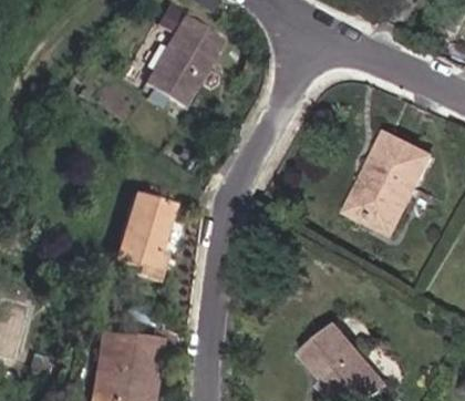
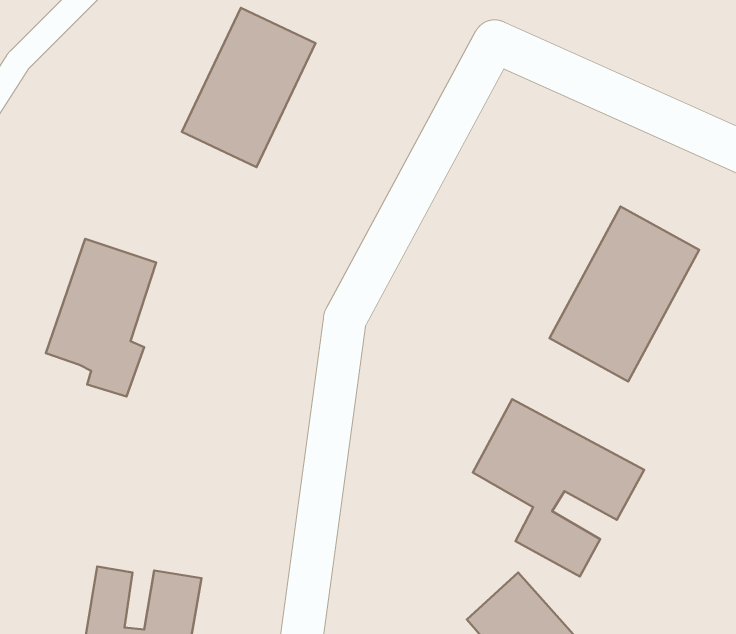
building: [114,188,176,277] -> [46,239,156,396]
building: none -> [473,399,644,577]

